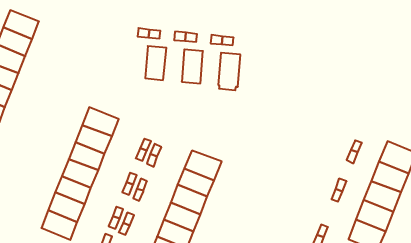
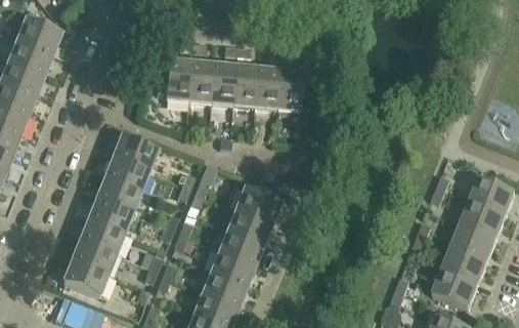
building: none -> [165,59,191,100]
building: none -> [210,64,235,105]
building: none -> [255,68,279,109]

